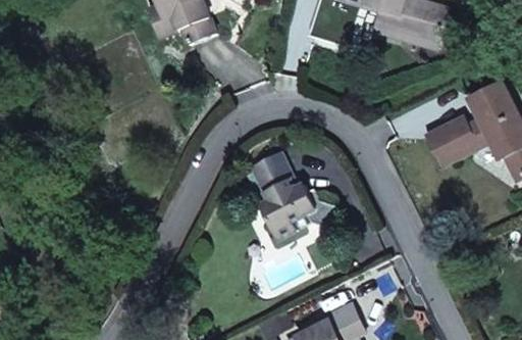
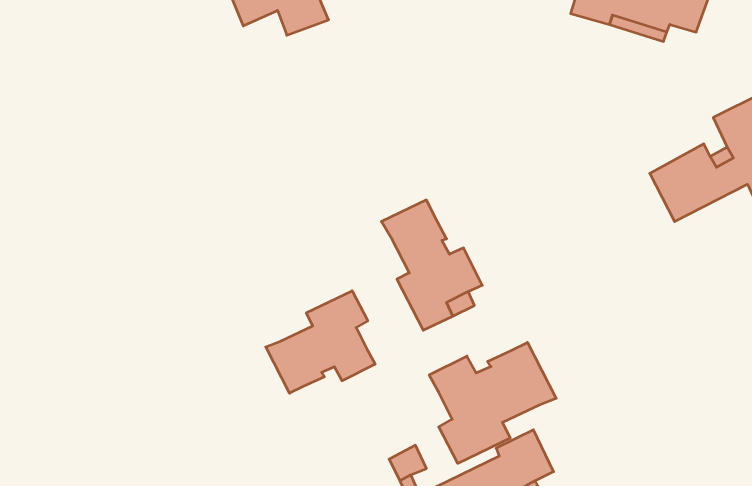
building: none -> [266,291,375,393]
building: none -> [429,342,556,463]

